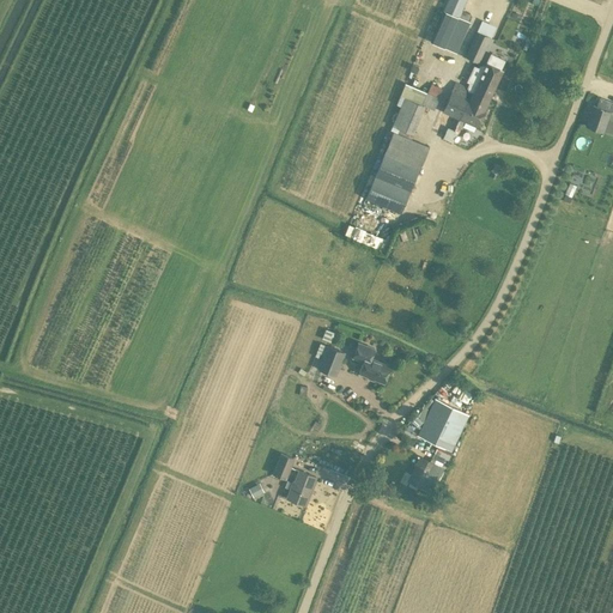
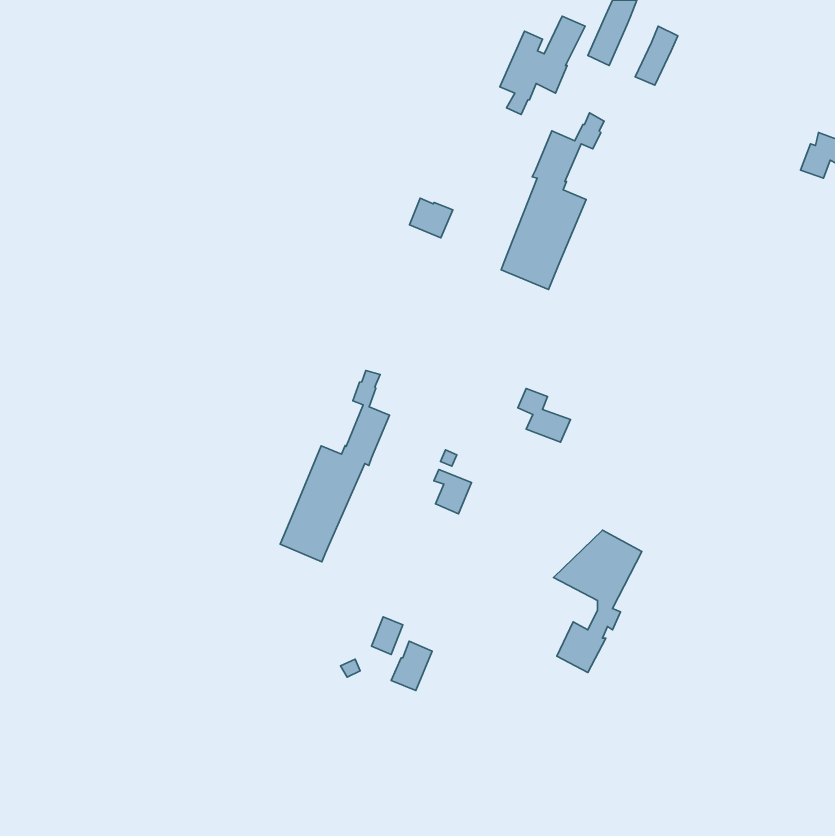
building: [438,71,500,142] -> [500,16,585,114]
building: none -> [409,198,453,238]
building: none -> [280,371,390,562]
building: [353,342,392,382] -> [518,388,570,442]

